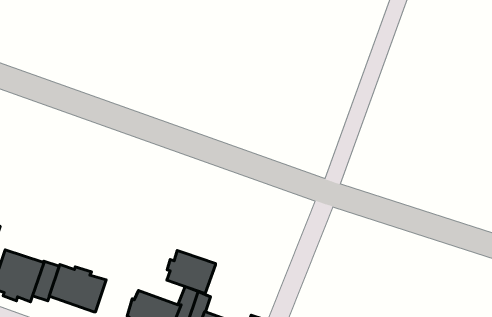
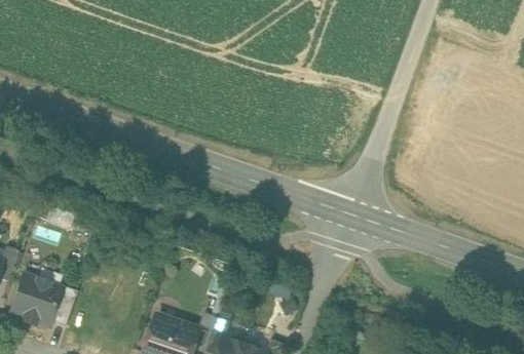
building: [167,250,216,293] -> none
building: [49,265,106,312] -> none

